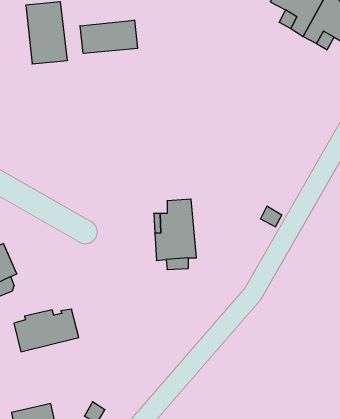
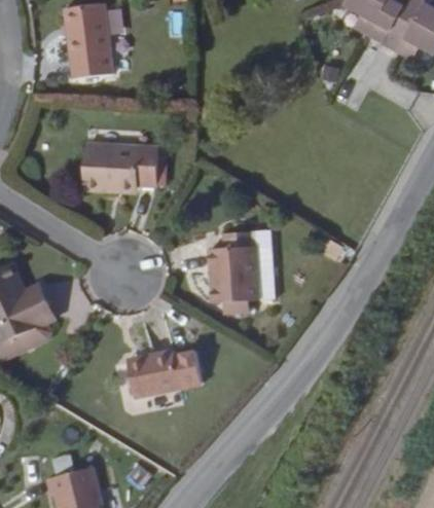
building: [80,20,138,53] -> none
building: none -> [82,141,158,189]
building: [14,309,79,352] -> [128,350,203,399]

